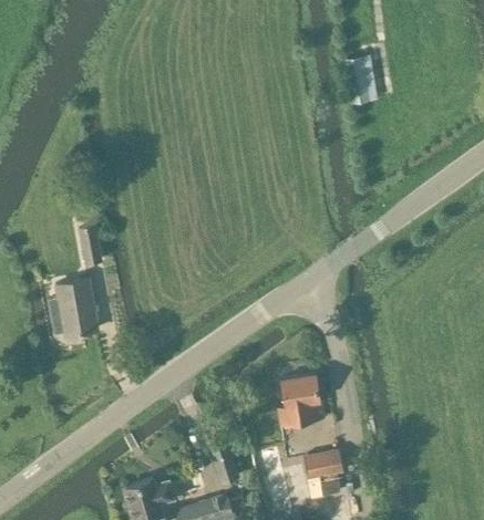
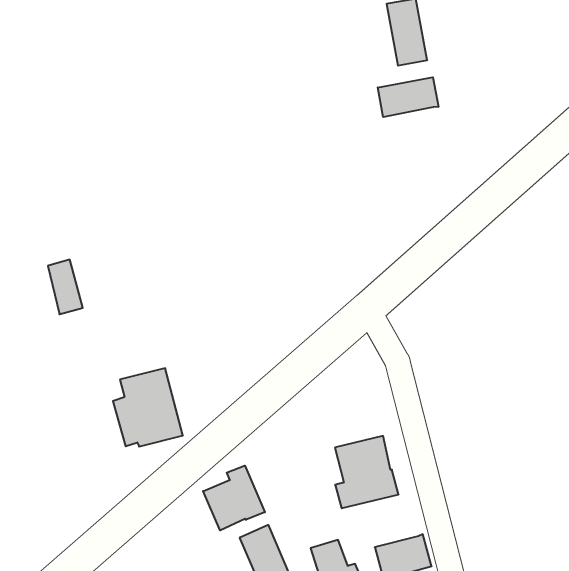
building: none -> [378,77,438,117]
building: [48,280,97,336] -> [113,368,183,447]
building: none -> [203,466,265,530]

